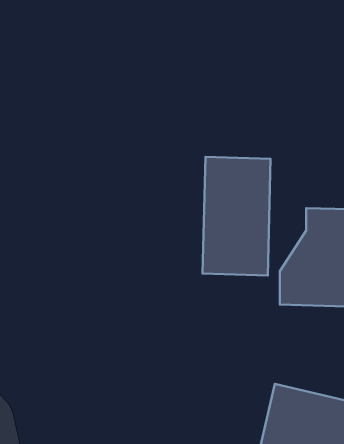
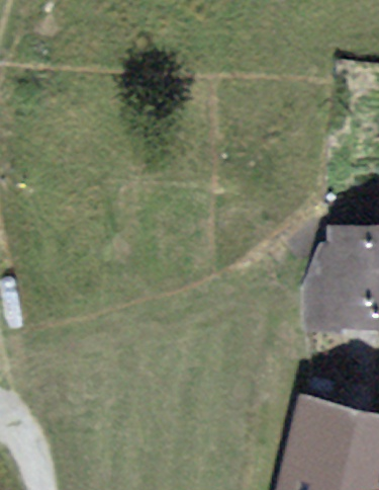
building: [203,157,271,275] -> none

